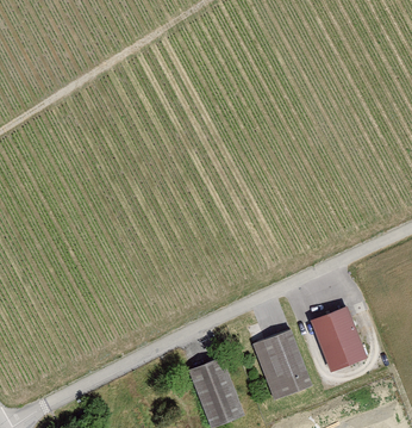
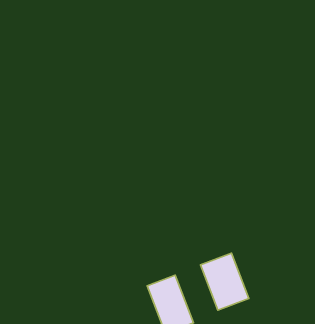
building: [307,303,364,370] -> none

